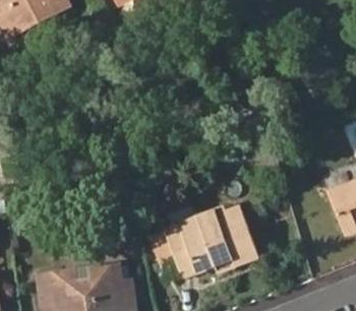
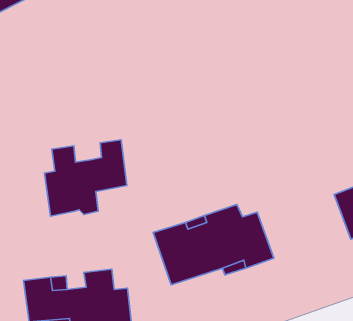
building: none -> [45,140,127,216]

